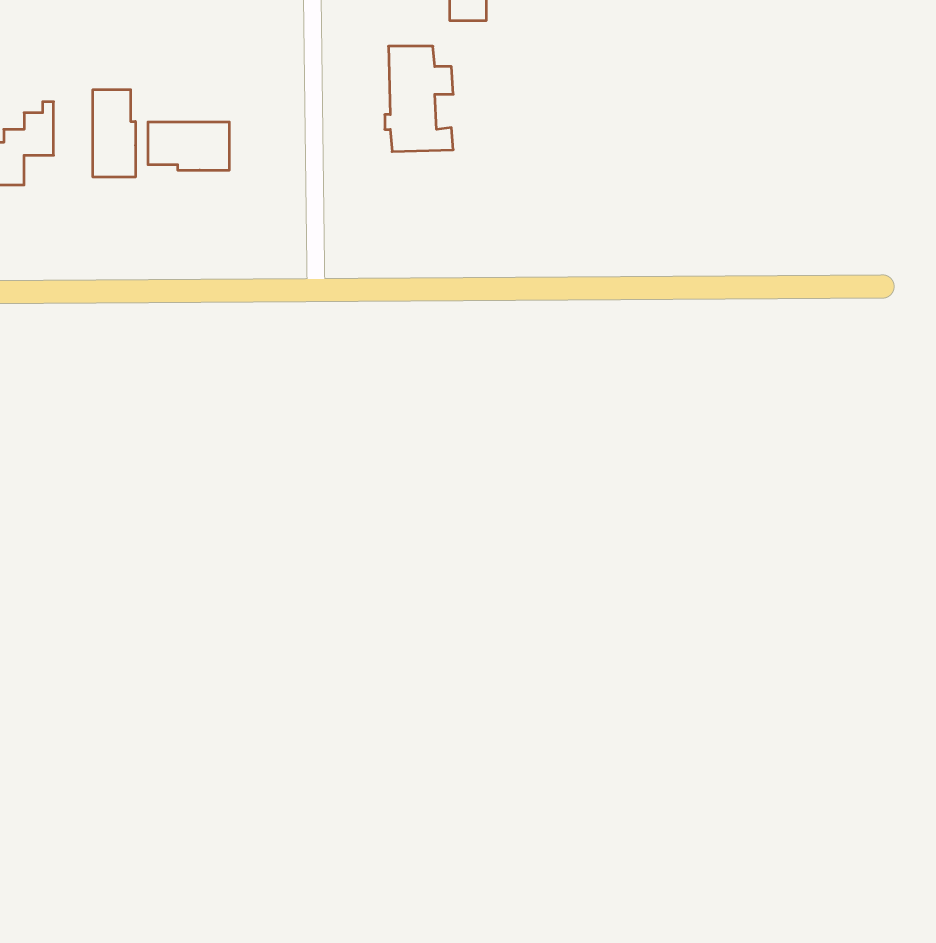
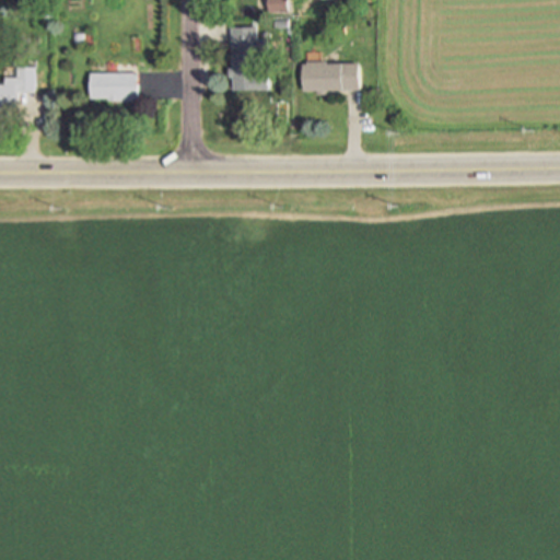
building: [93,90,135,177] -> none
building: none -> [301,61,358,95]

